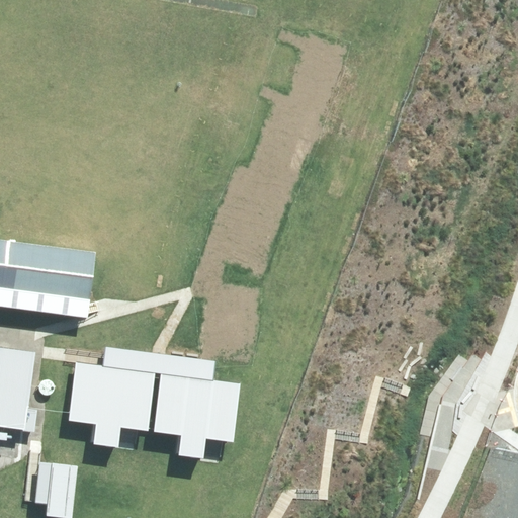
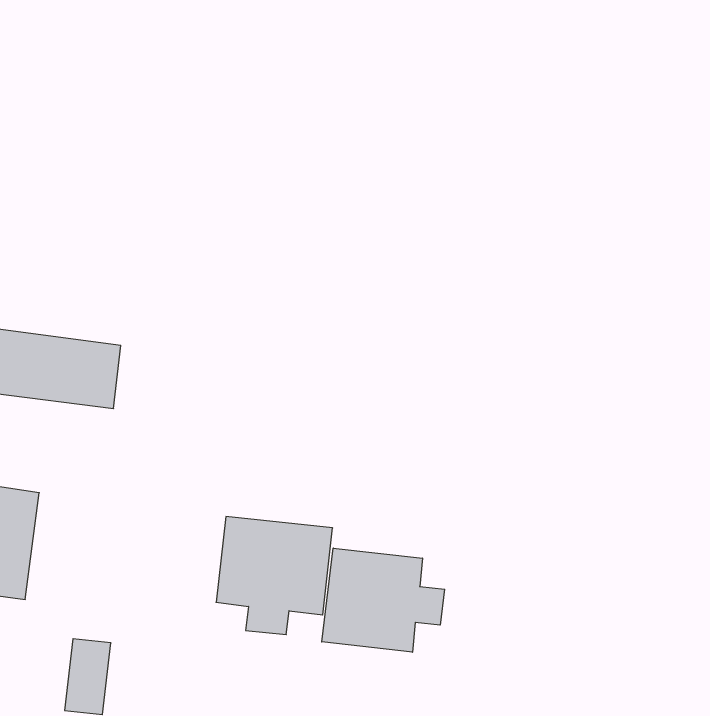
building: [70,362,154,448] -> none
building: none -> [322,548,445,652]

